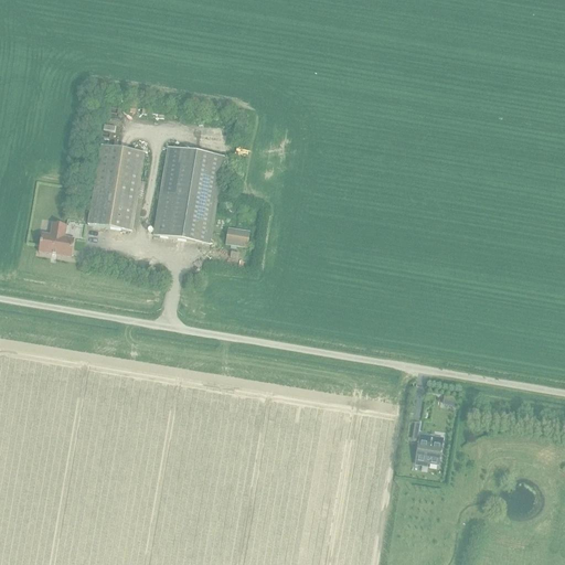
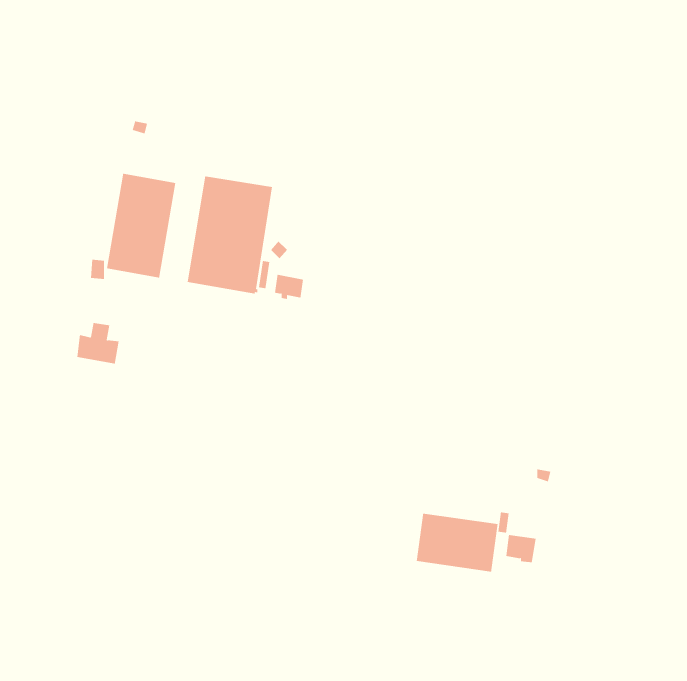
building: [39,220,74,254] -> [77,322,120,364]
building: none -> [416,513,498,572]

